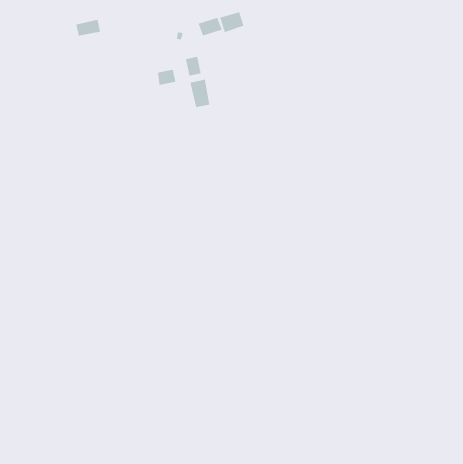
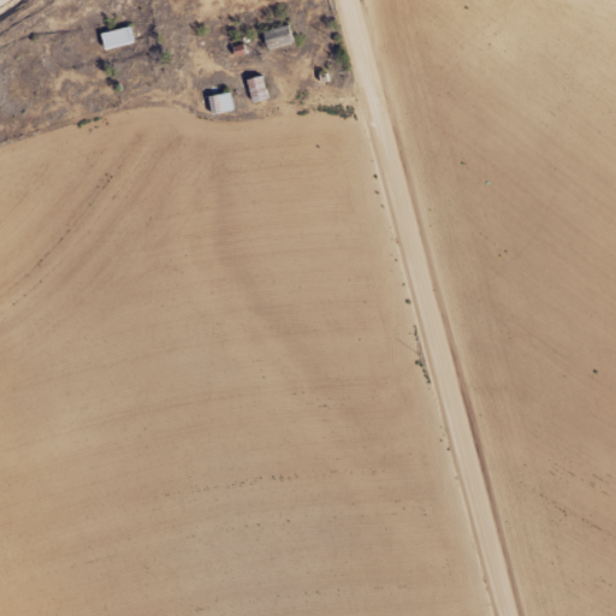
building: [219,11,244,33] -> none
building: [190,79,210,108] -> none

